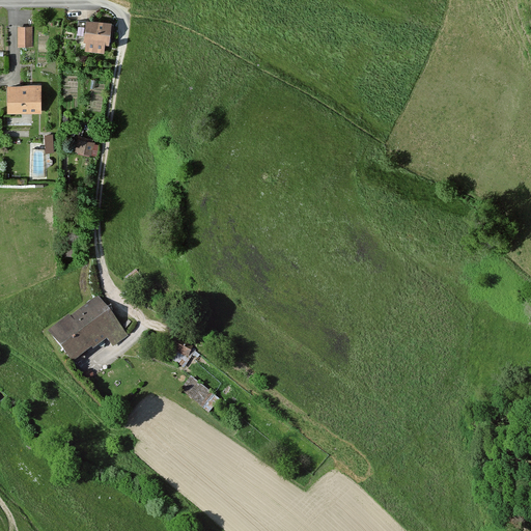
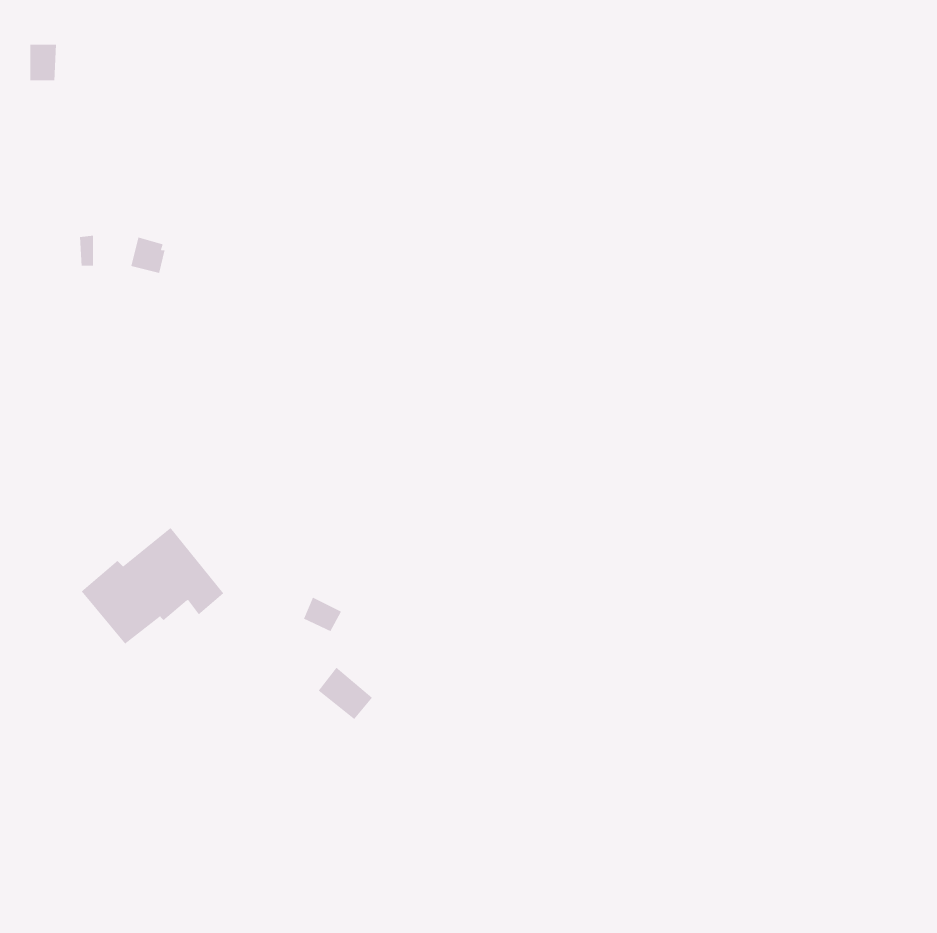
building: [83,20,111,52] -> none
building: [6,83,40,111] -> none

